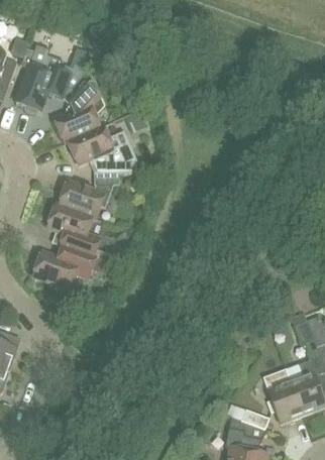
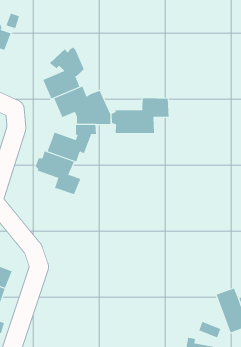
building: [15,44,90,112] -> none
building: none -> [111,98,169,134]
building: [33,248,96,288] -> none

